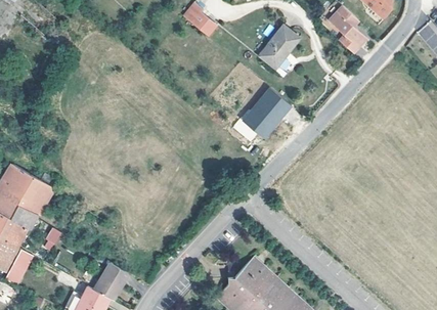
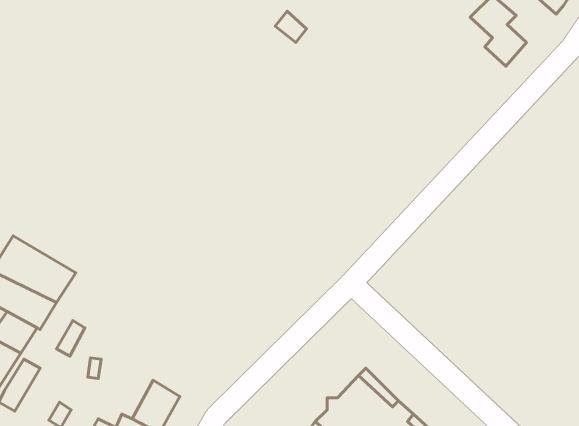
building: [259,27,299,69] -> none
building: [233,86,291,141] -> none

